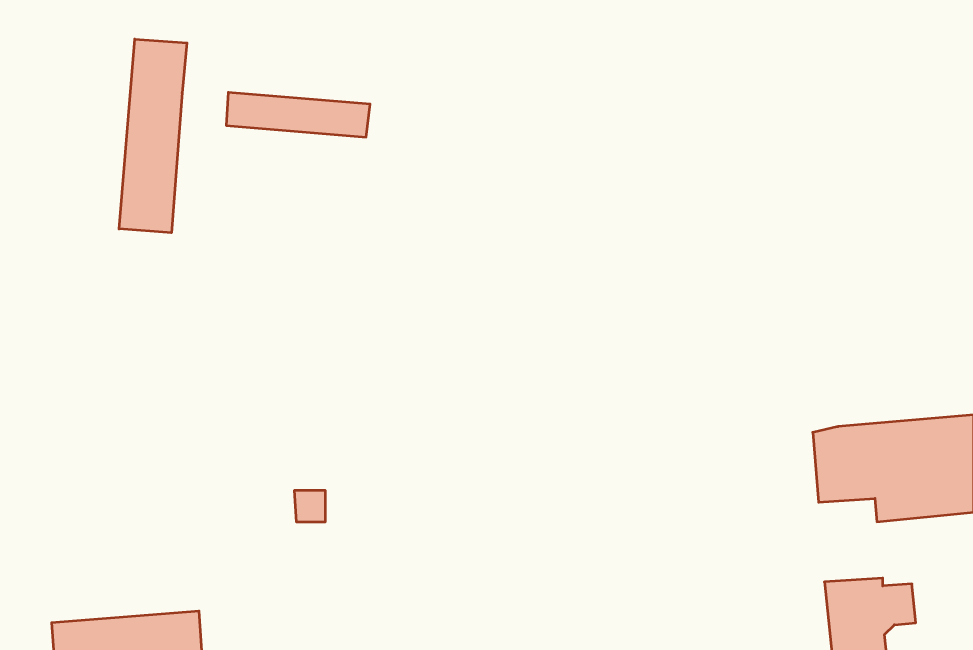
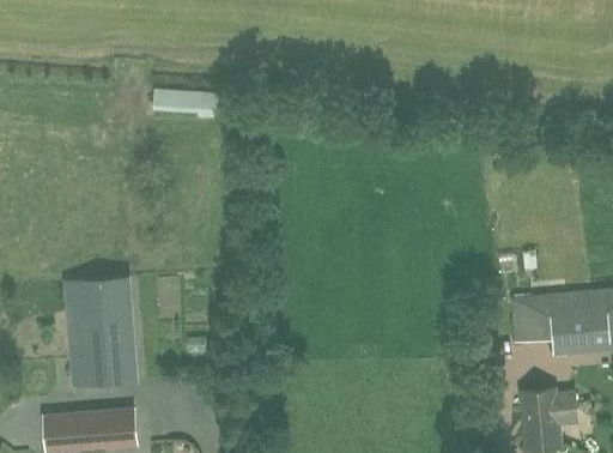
building: [119,39,187,233] -> none
building: none -> [65,274,138,386]

